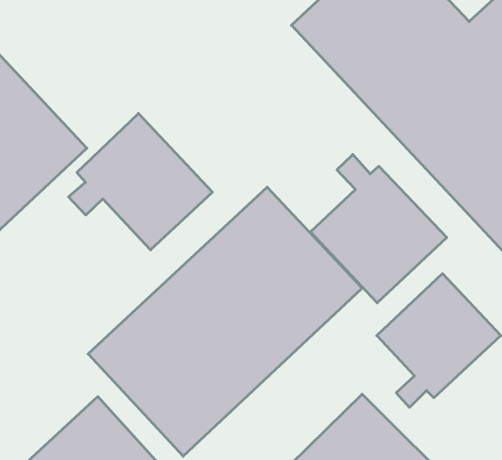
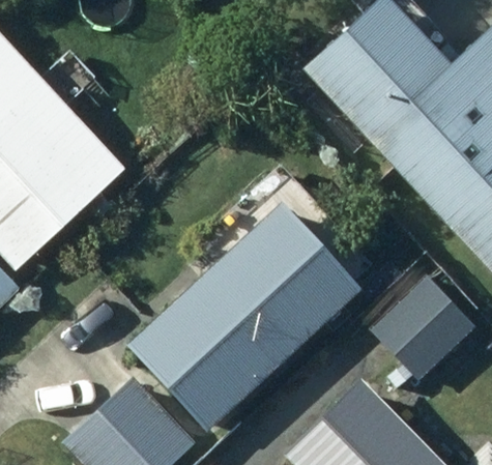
building: [69,113,212,250] -> none
building: [310,154,447,303] -> none

